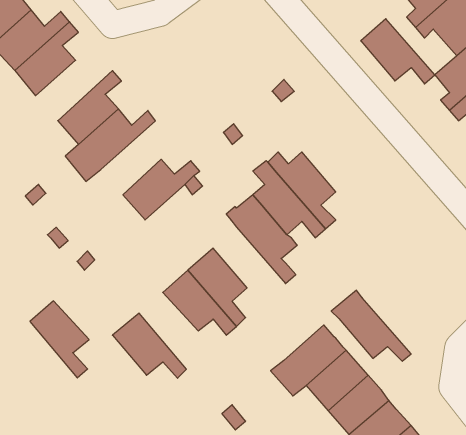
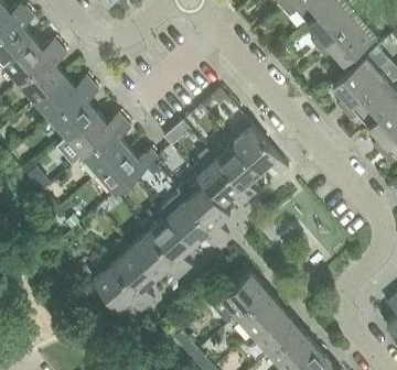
building: [361,19,435,84] -> [234,127,289,175]
building: none -> [35,75,93,120]
building: none -> [84,120,131,175]
building: [331,290,411,361] -> [162,194,222,247]
building: [30,301,89,378] -> [112,248,157,305]

